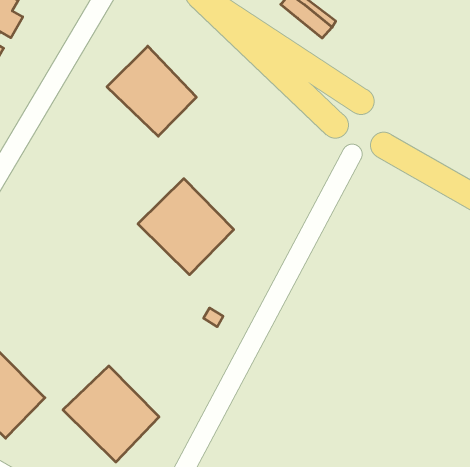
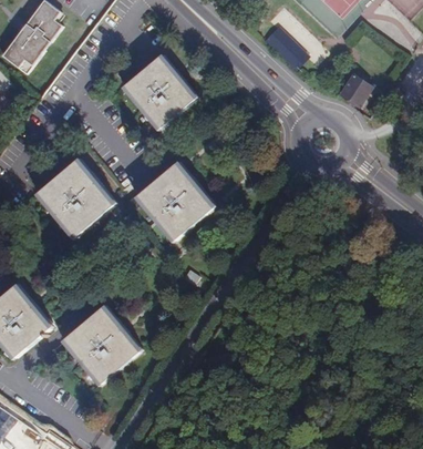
building: none -> [341,74,374,108]
building: none -> [34,160,112,237]

